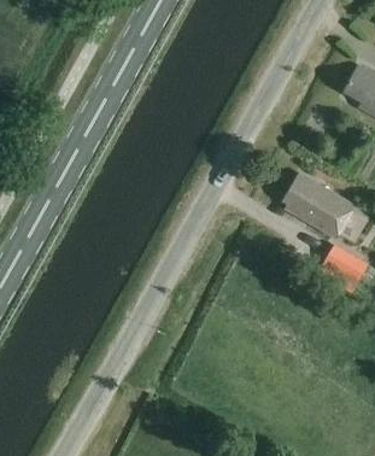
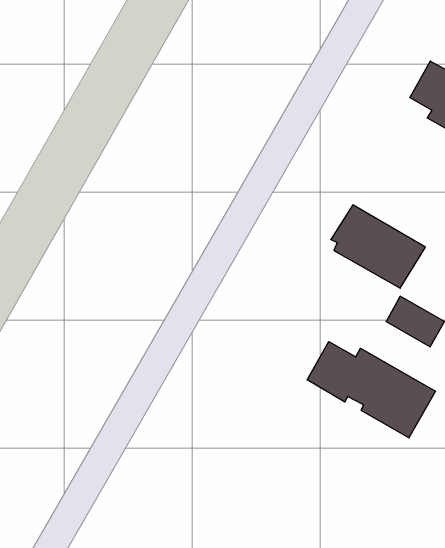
building: none -> [307,342,435,438]

